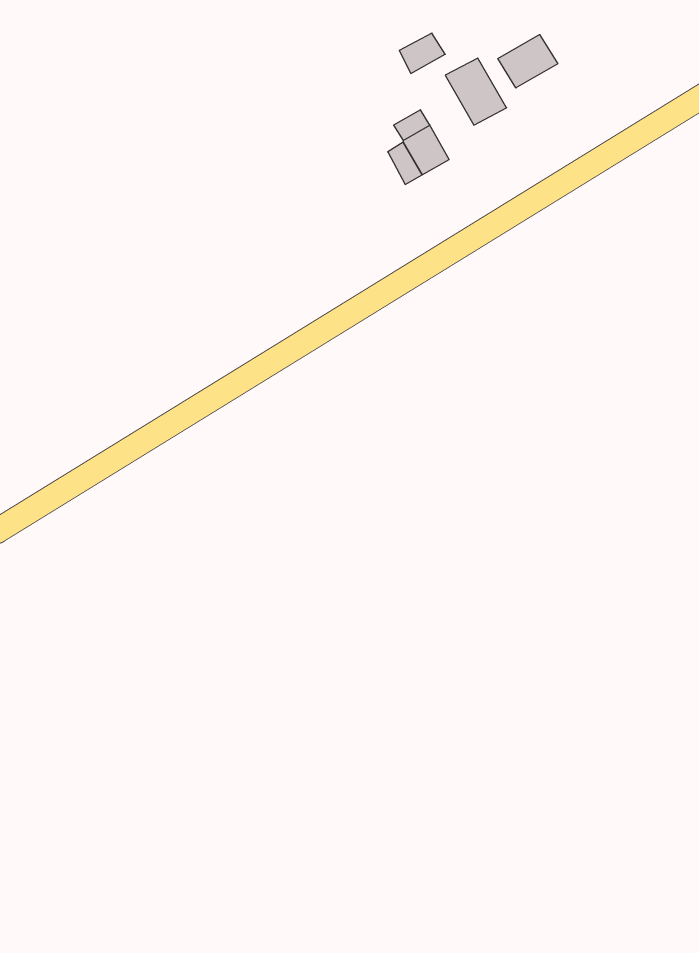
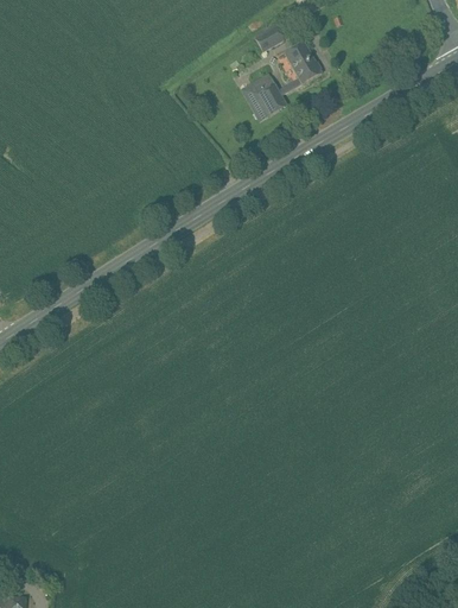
building: [498,35,558,88] -> none

